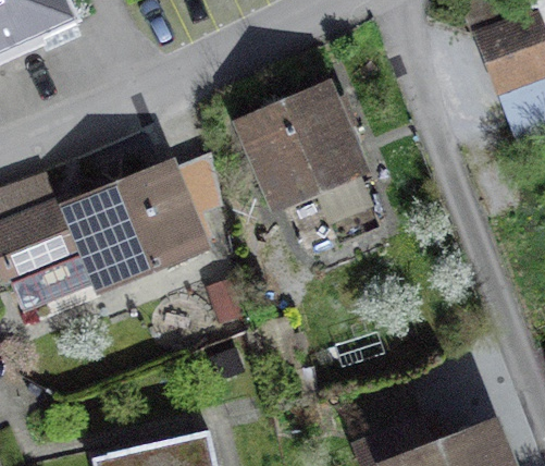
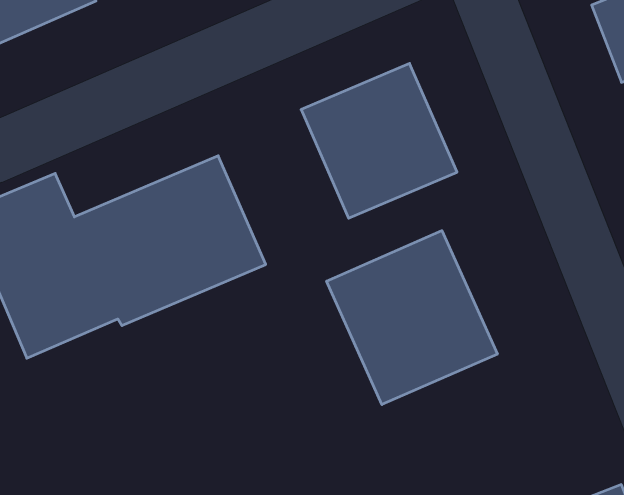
building: none -> [327,231,497,405]

